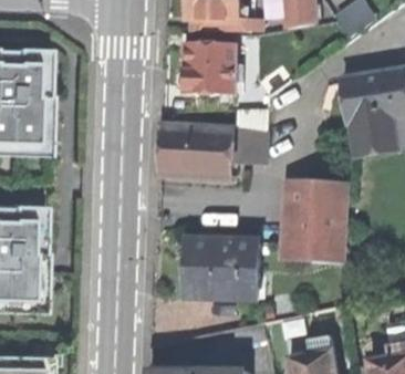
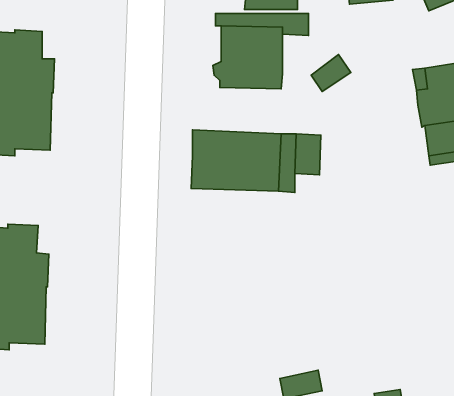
building: [291,183,344,263] -> none
building: [187,241,258,294] -> none

